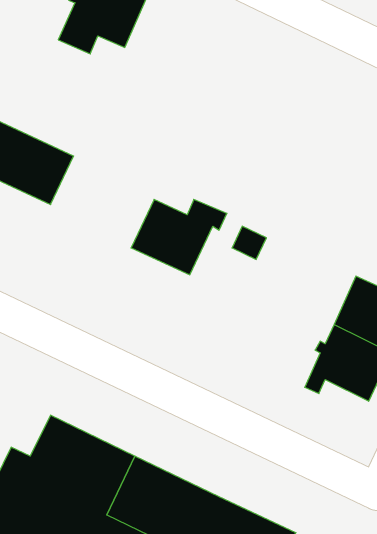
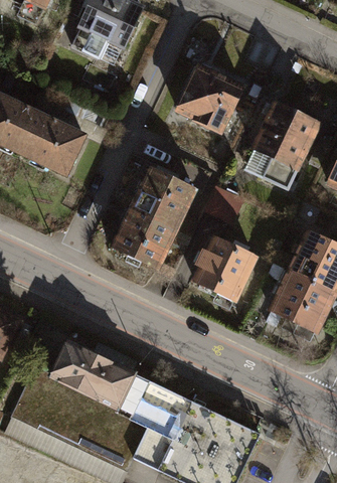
building: none -> [176,67,241,131]
building: none -> [251,105,318,184]
building: none -> [111,208,184,275]
building: none -> [192,236,257,302]

